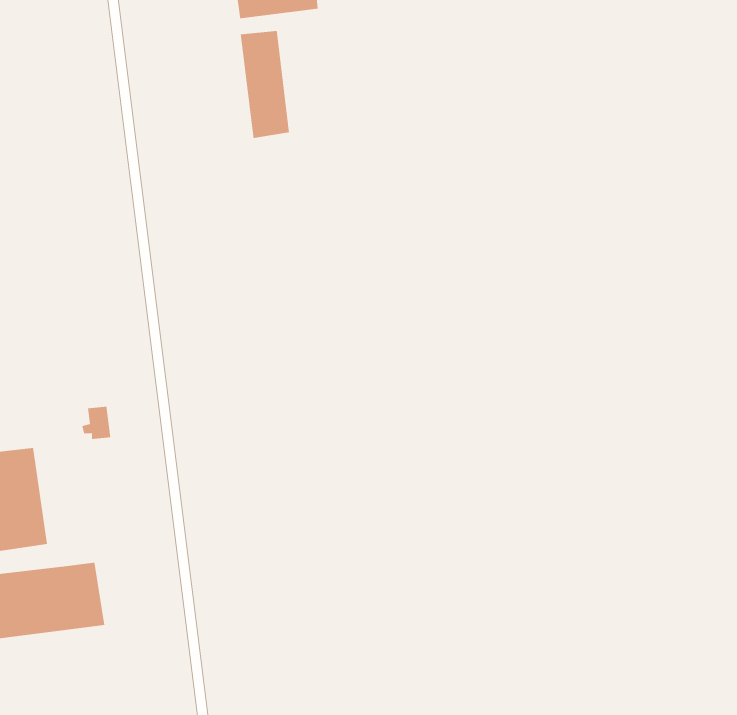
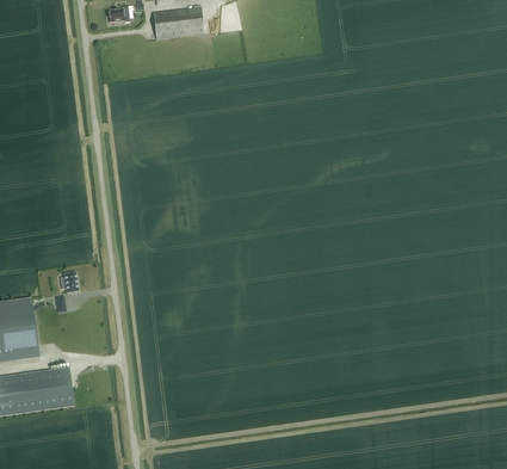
building: [240,30,290,139] -> none

